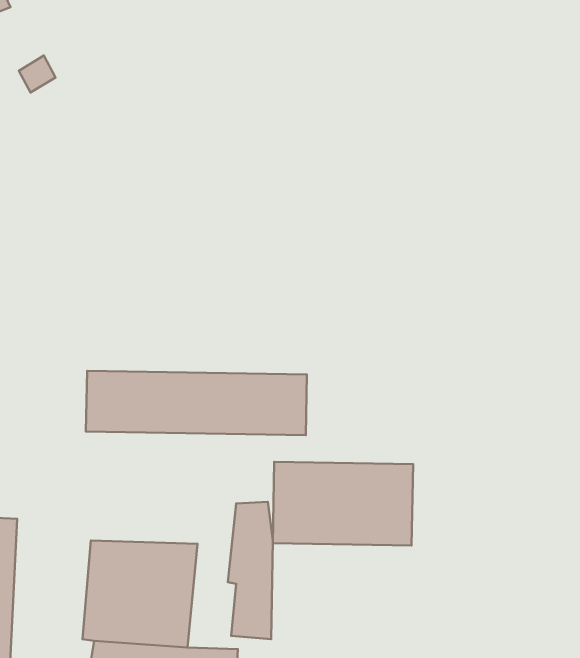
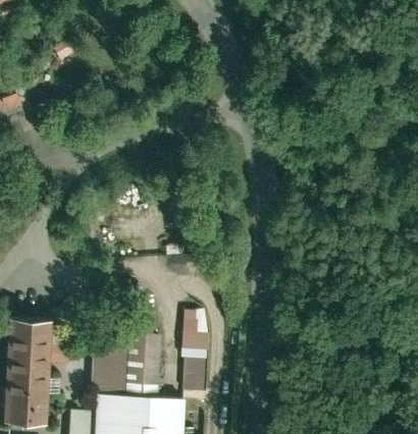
building: [86,371,307,435] -> none
building: [273,462,413,546] -> none

